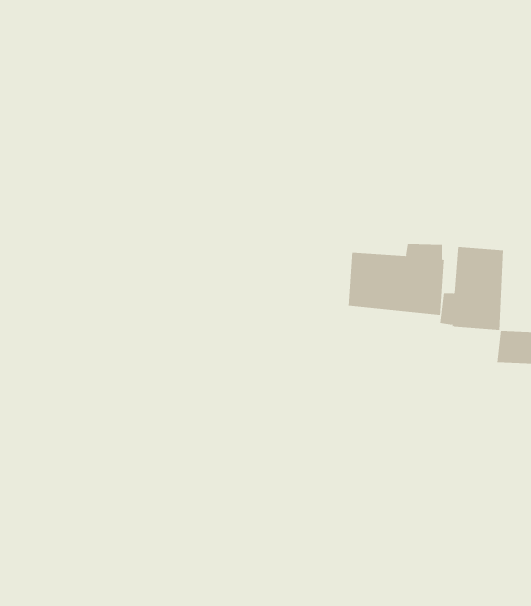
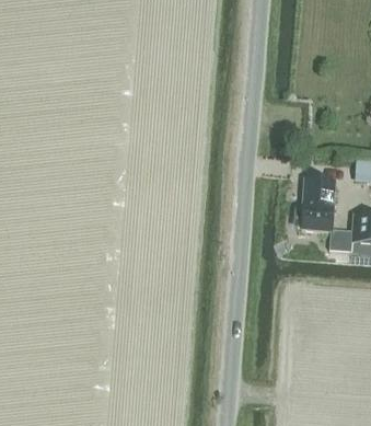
building: [348,243,445,316] -> none

